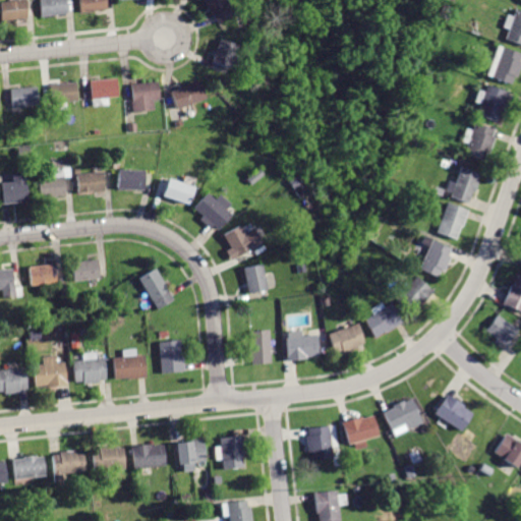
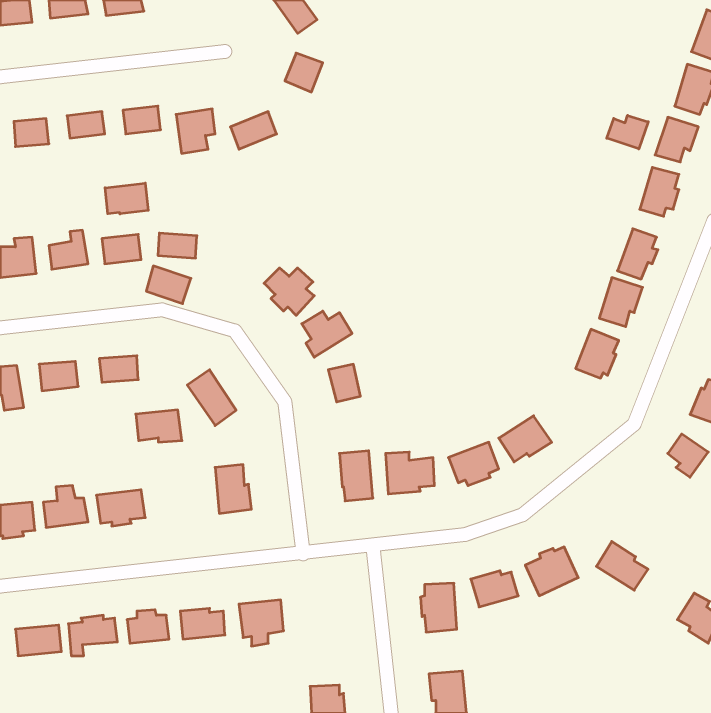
building: none -> [607,115,648,149]
building: none -> [105,183,148,214]
building: [161,177,193,205] -> [146,266,191,304]
building: [395,275,435,313] -> none
building: [114,355,148,379] -> [136,410,182,442]
building: [223,436,247,468] -> none

